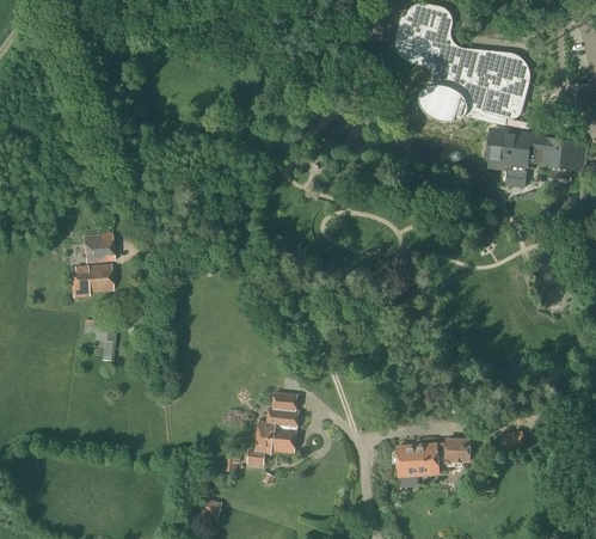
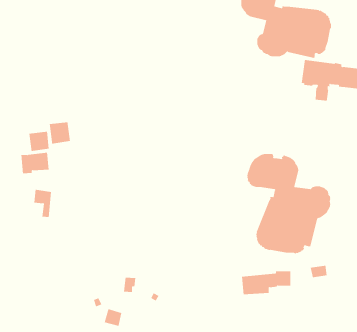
building: none -> [49,121,70,144]
building: none -> [247,153,331,254]
building: [246,391,299,465] -> none

